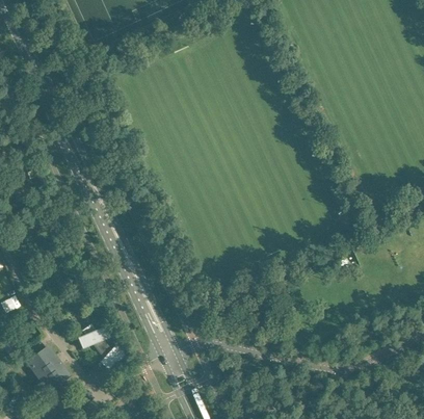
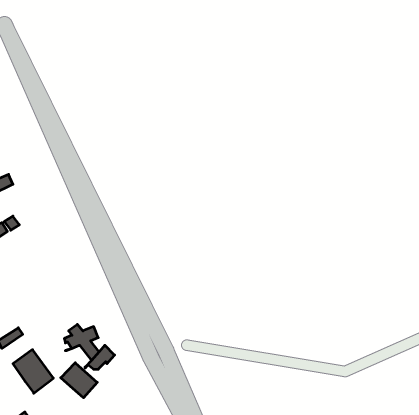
building: none -> [61,363,97,398]

